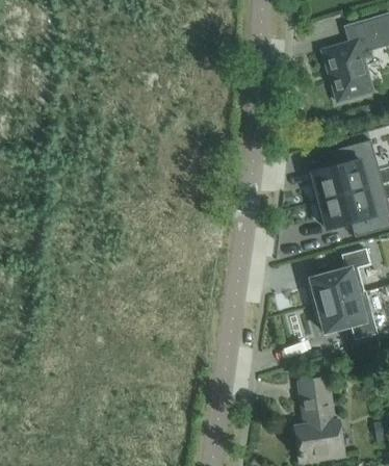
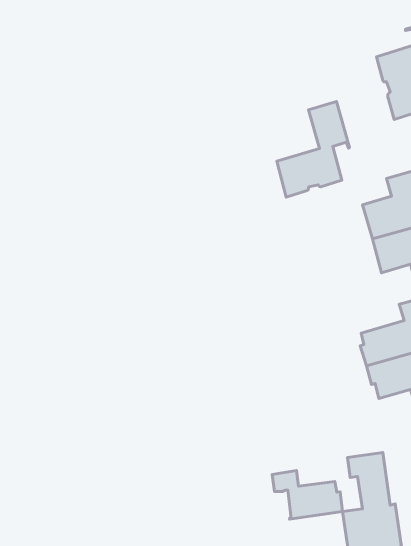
building: none -> [277,102,350,197]
building: none -> [272,470,342,519]

